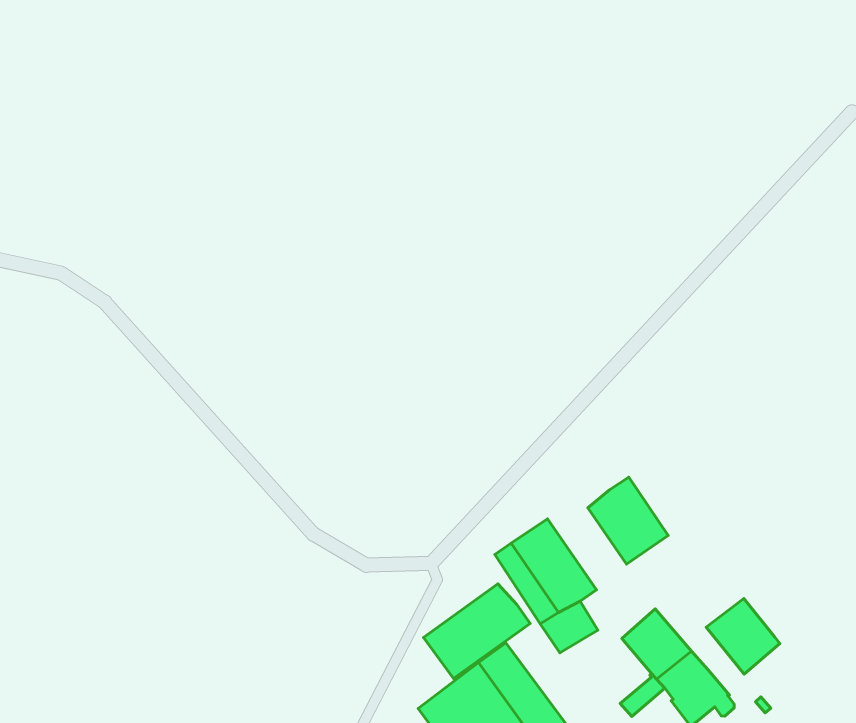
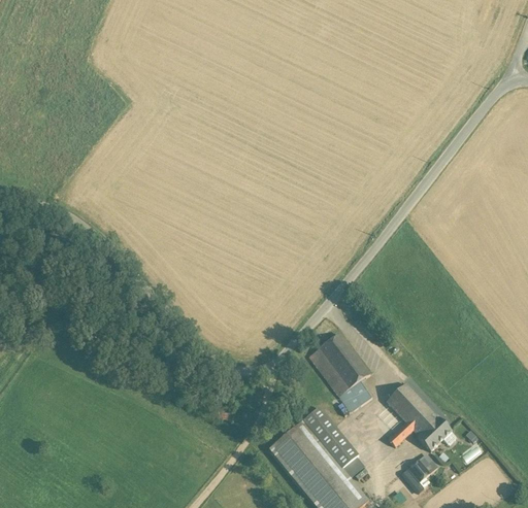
building: [588,477,668,564] -> none
building: [424,584,530,678] -> none
building: [706,599,780,674] -> none

